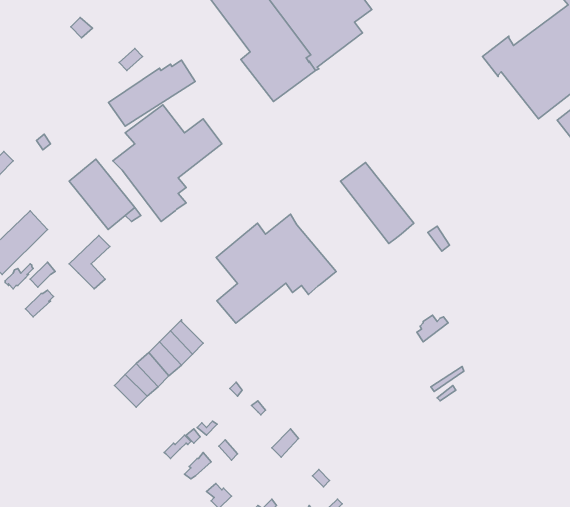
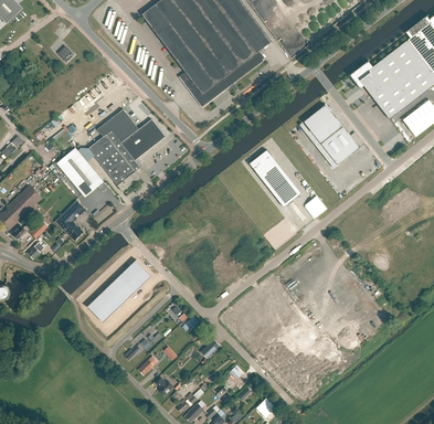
building: [108,60,195,126] -> none
building: none -> [303,104,359,165]
building: [216,214,336,323] -> none

